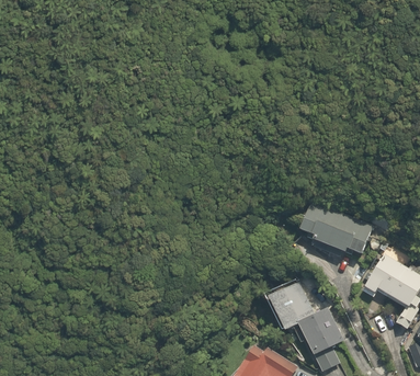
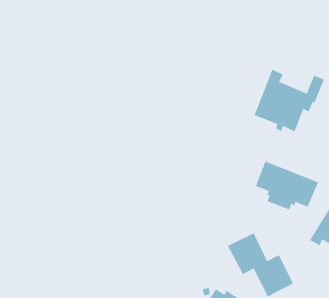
building: none -> [254,69,324,132]

